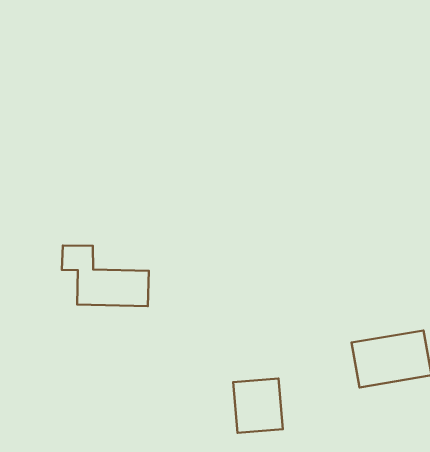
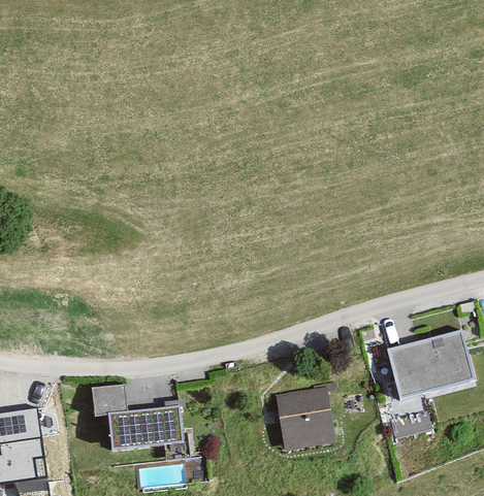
building: [62,245,149,306] -> [92,388,179,445]

